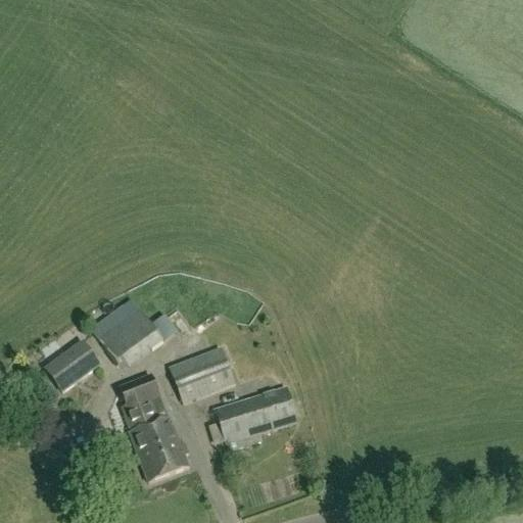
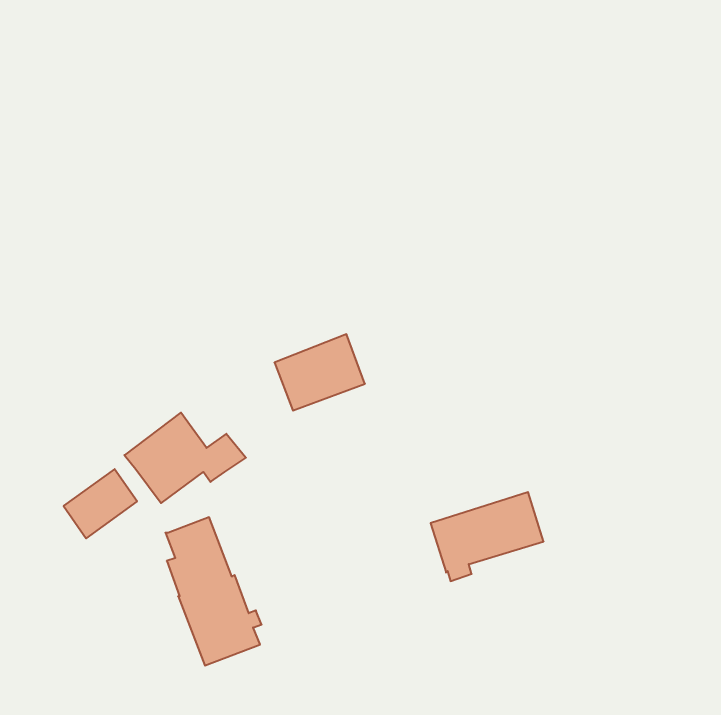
building: [170,346,235,401] -> [274,334,365,411]
building: [216,386,297,450] -> [431,492,544,581]

